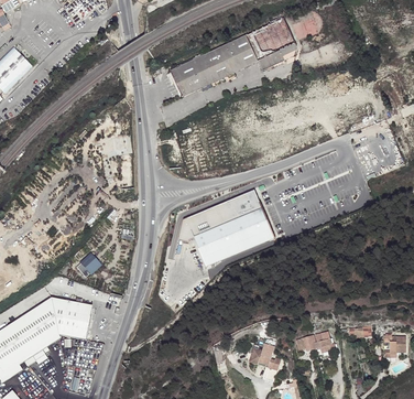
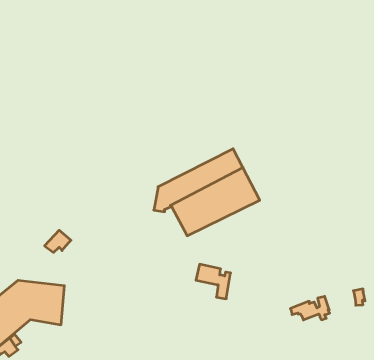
building: [248,347,280,380] -> [196,264,231,299]

